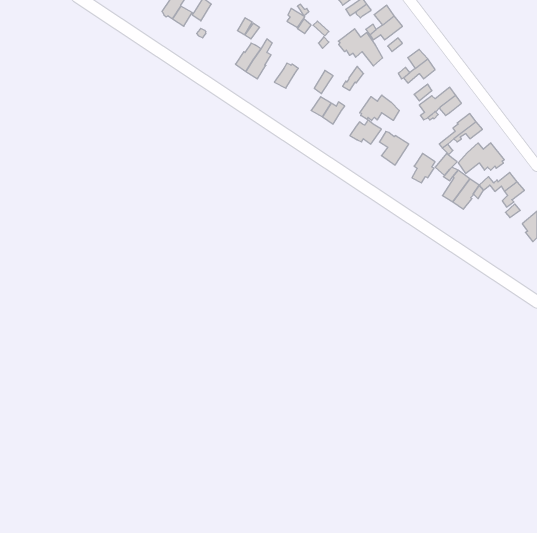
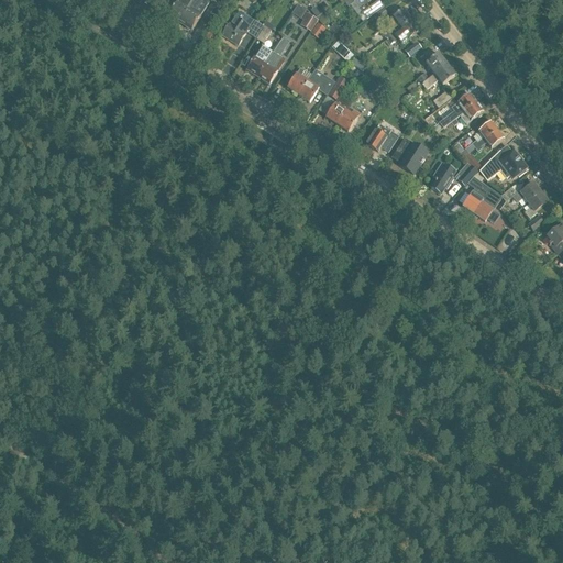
building: none -> [222,14,251,43]
building: [338,29,383,66] -> none
building: none -> [299,70,331,100]
building: [360,95,399,121] -> none

